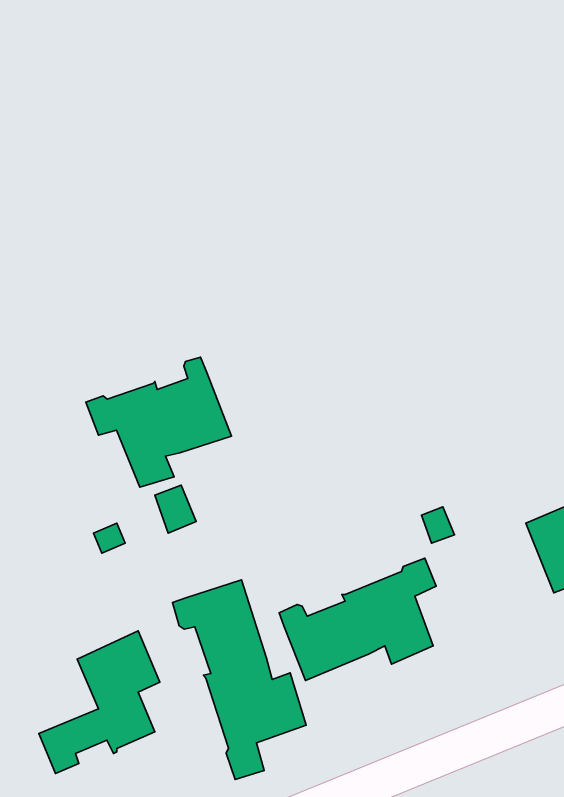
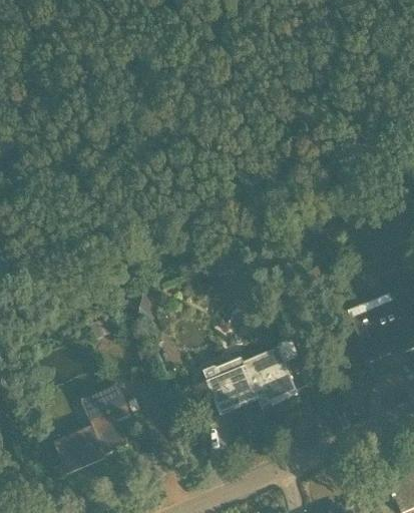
building: [86,357,231,487] -> none
building: [173,580,306,779] -> none

